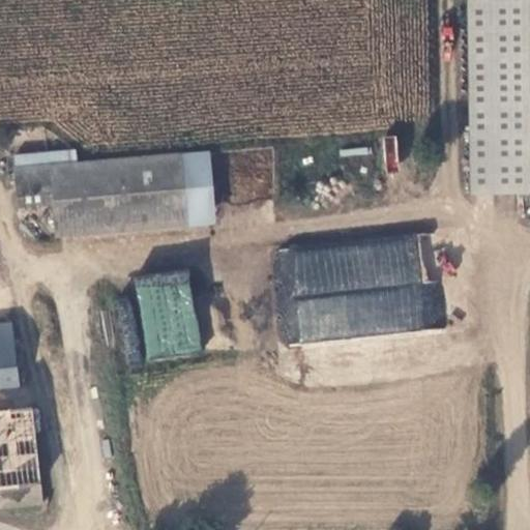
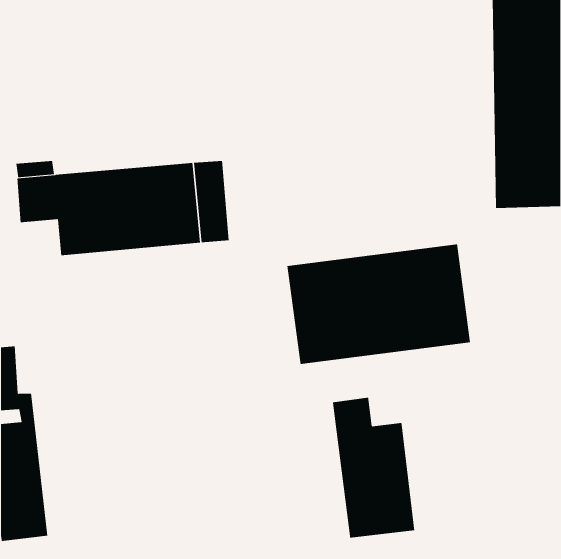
building: [132,266,202,359] -> none
building: none -> [332,397,415,539]

